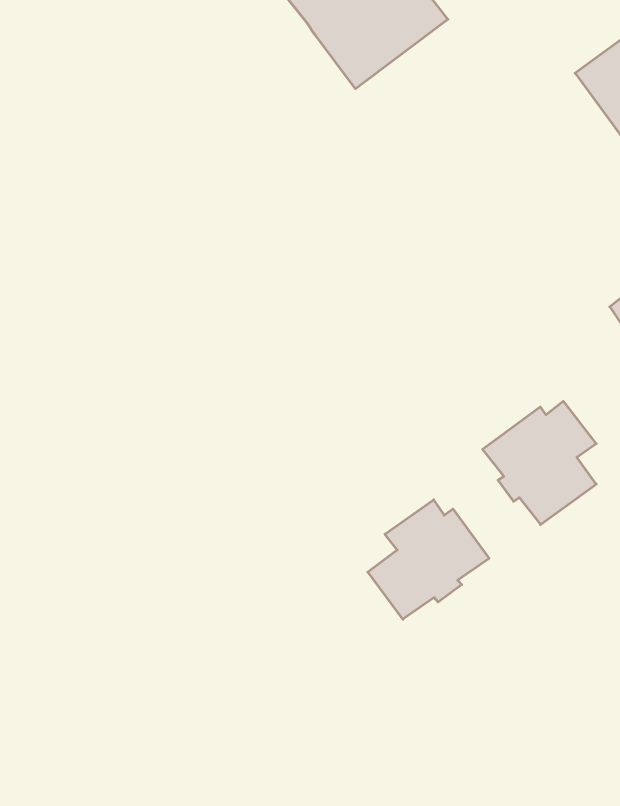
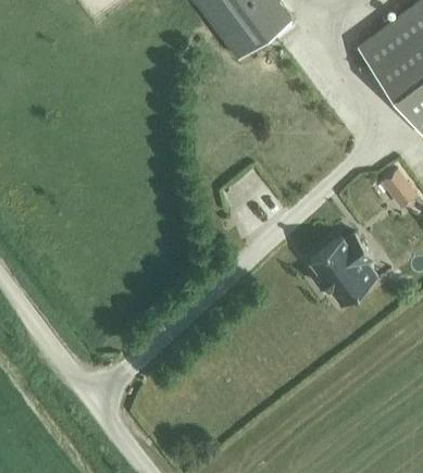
building: [368,500,489,619] -> none

